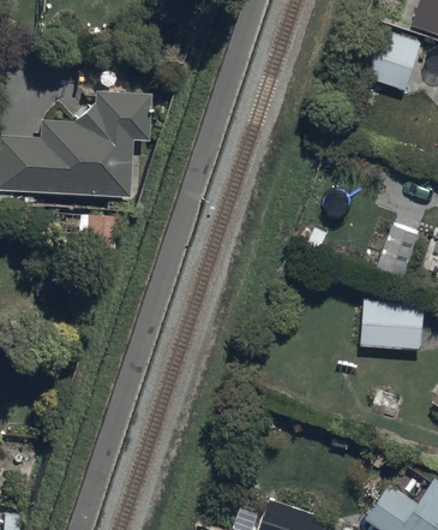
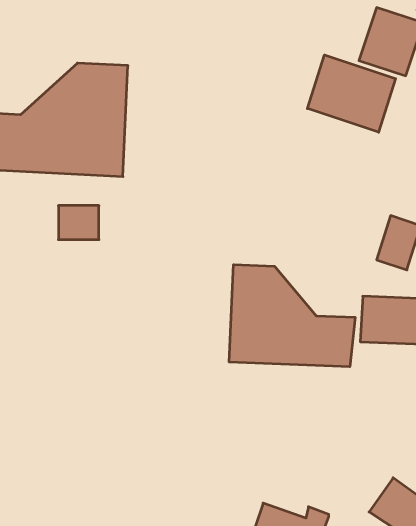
building: none -> [307,55,396,132]
building: none -> [229,265,355,367]

